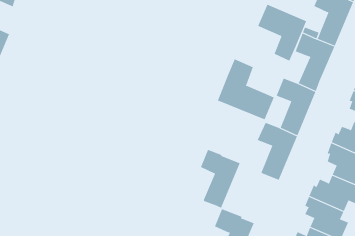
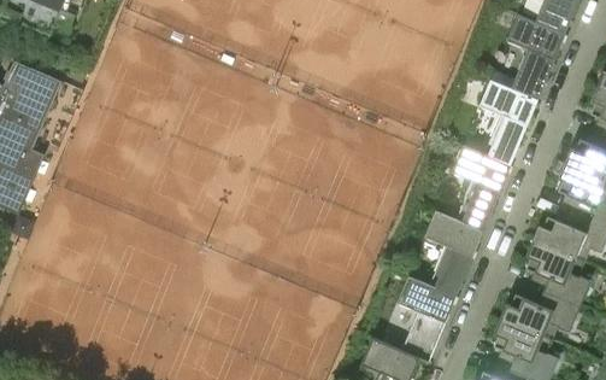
building: [258,4,307,61] -> none
building: [217,59,274,120] -> none
building: [200,149,240,208] -> [396,276,455,363]

